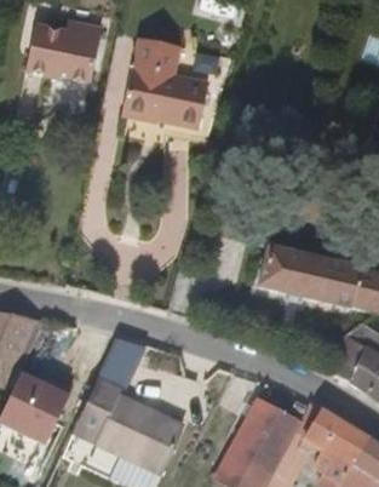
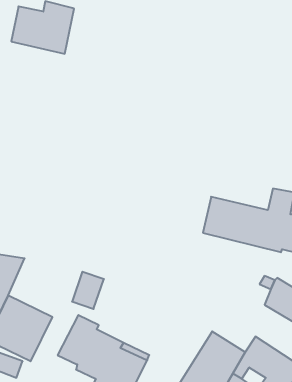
building: [128,34,211,119] -> none

